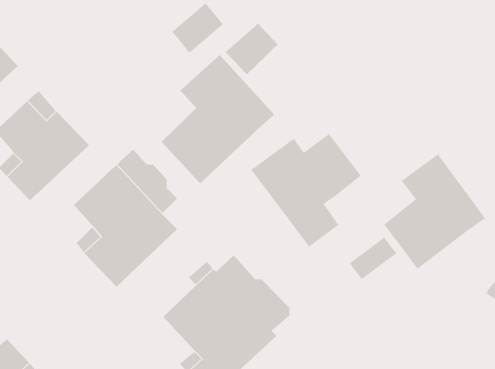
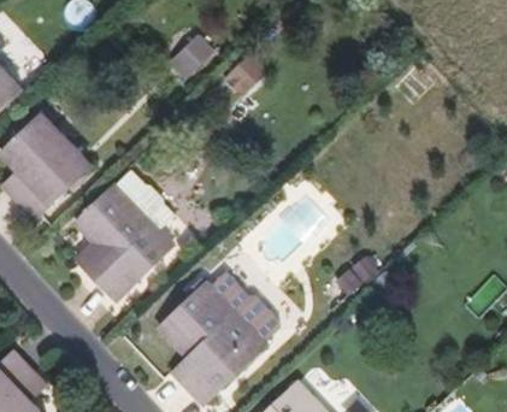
building: [161,54,275,184] -> none
building: [250,133,361,247] -> none
building: [383,154,486,270] -> none

